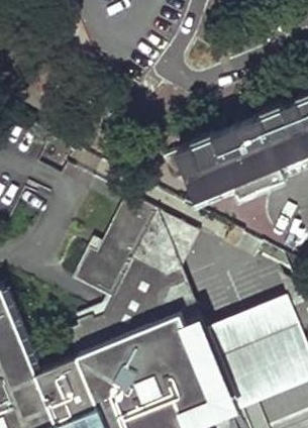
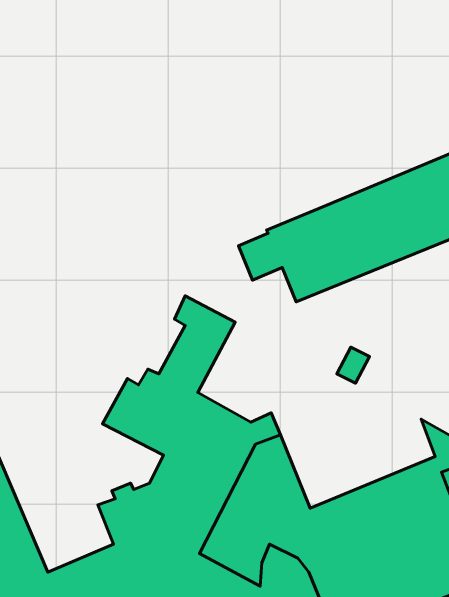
building: [134,211,201,276] -> none

